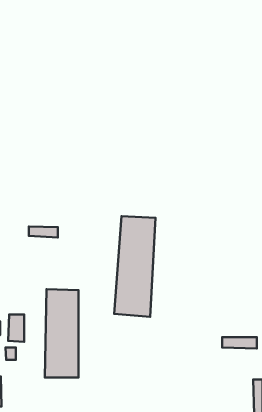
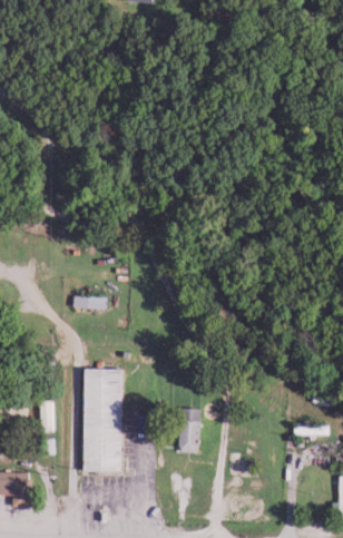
building: [114,216,156,317] -> none
building: none -> [178,407,200,451]

